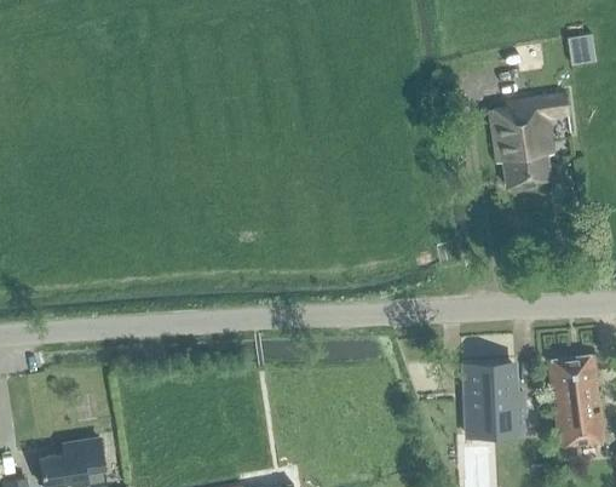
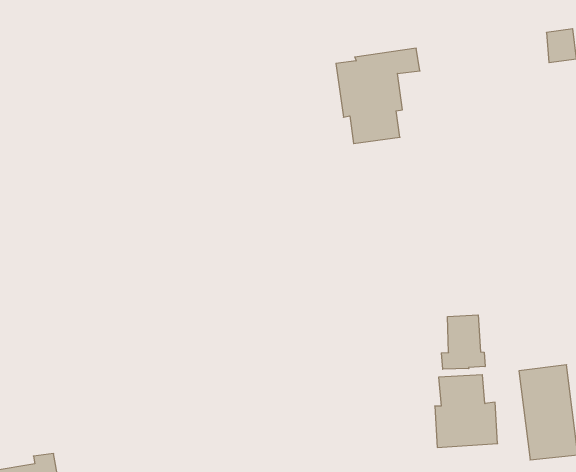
building: [488,93,569,185] -> [336,48,420,144]
building: none -> [441,315,485,369]

